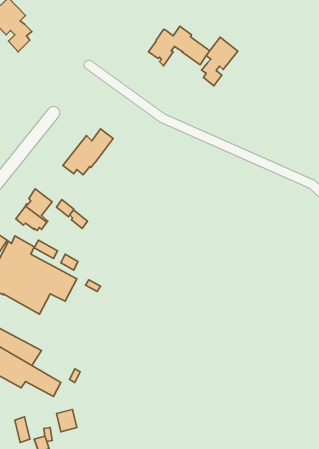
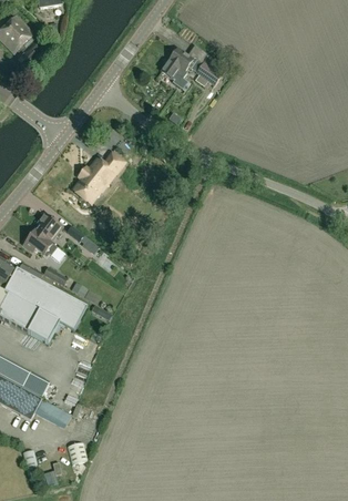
building: [201,37,238,86] -> none

